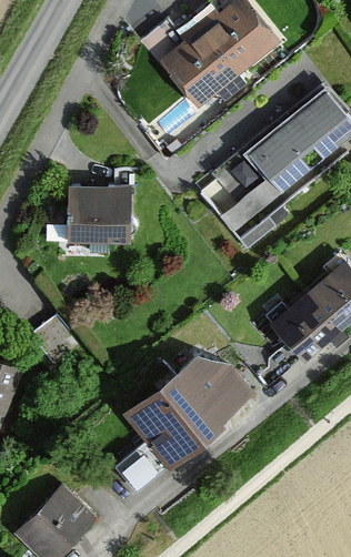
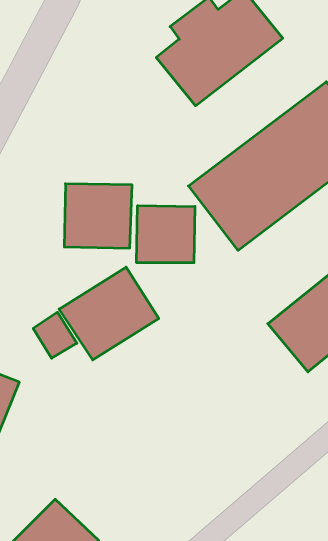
building: none -> [137,206,195,263]
building: none -> [59,267,159,360]
building: [114,348,255,496] -> none

